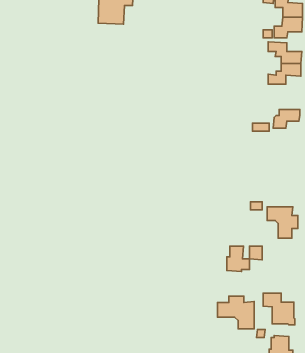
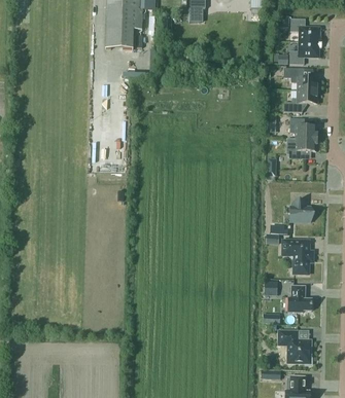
building: none -> [289,118,317,138]
building: none -> [289,198,313,220]
building: [227,246,250,272] -> [287,285,311,312]
building: [217,296,254,329] -> none

